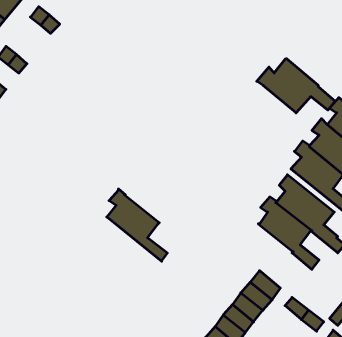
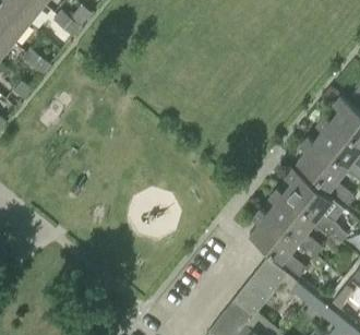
building: [257,59,335,113] -> none
building: [107,189,167,261] -> [250,208,307,276]

